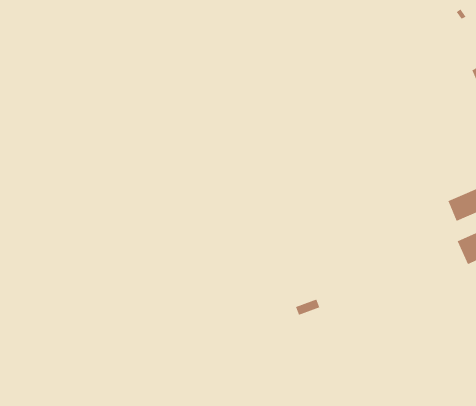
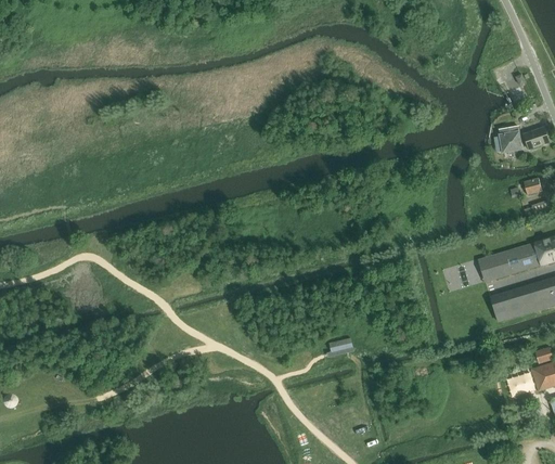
building: none -> [494,126,521,153]

